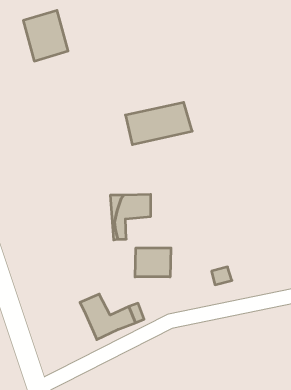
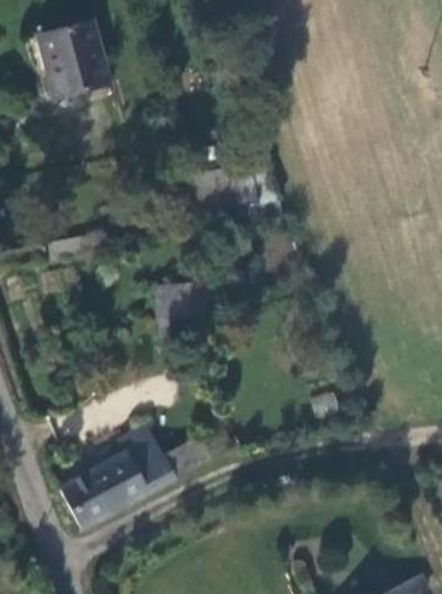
building: [135,248,171,277] -> none
building: none -> [59,453,145,527]

